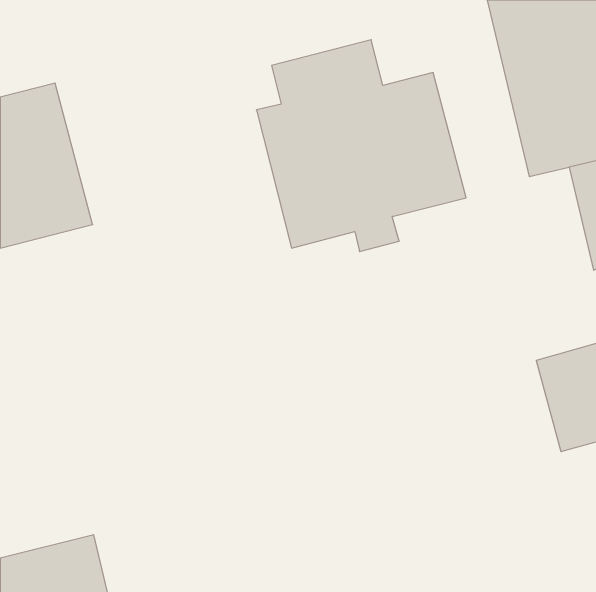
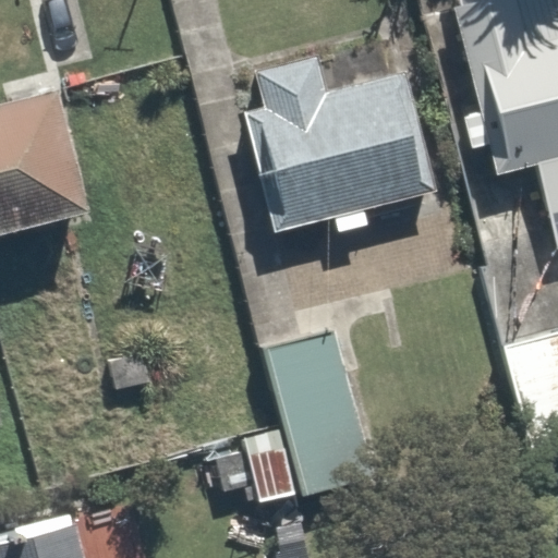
building: none -> [234,331,385,520]

